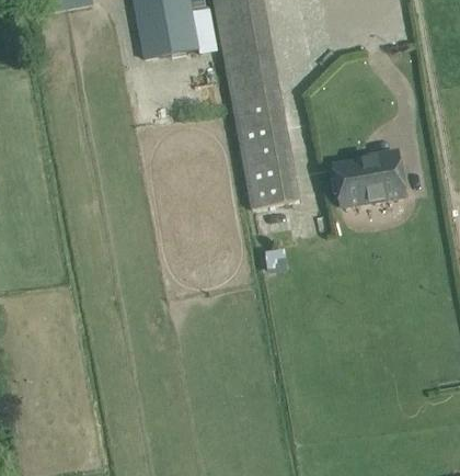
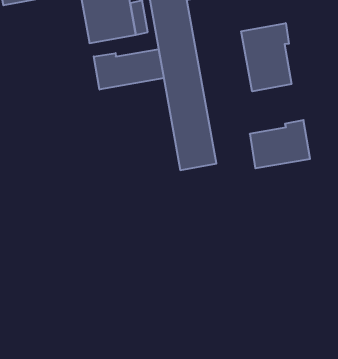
building: none -> [241,23,291,91]
building: none -> [94,49,164,90]

